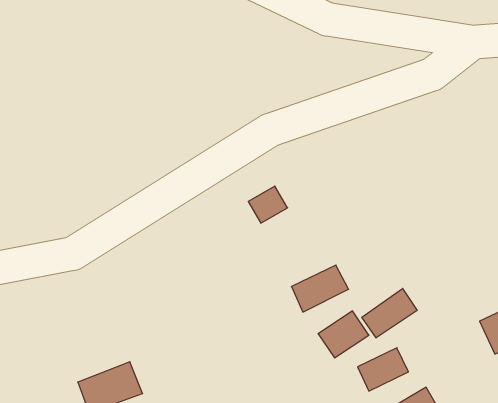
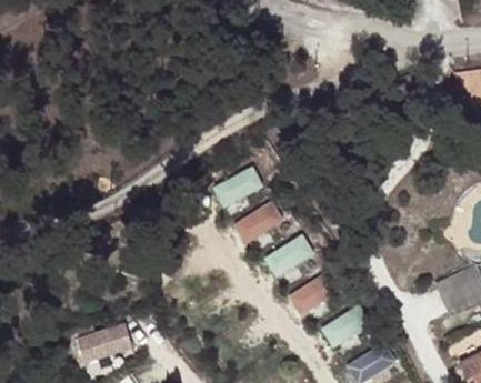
building: none -> [233,196,287,244]
building: [362,288,417,338] -> none

